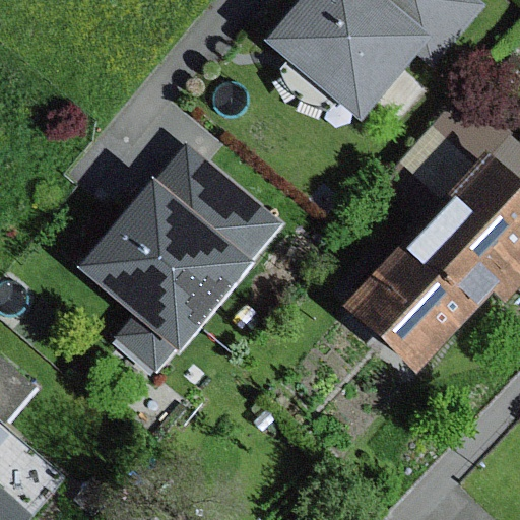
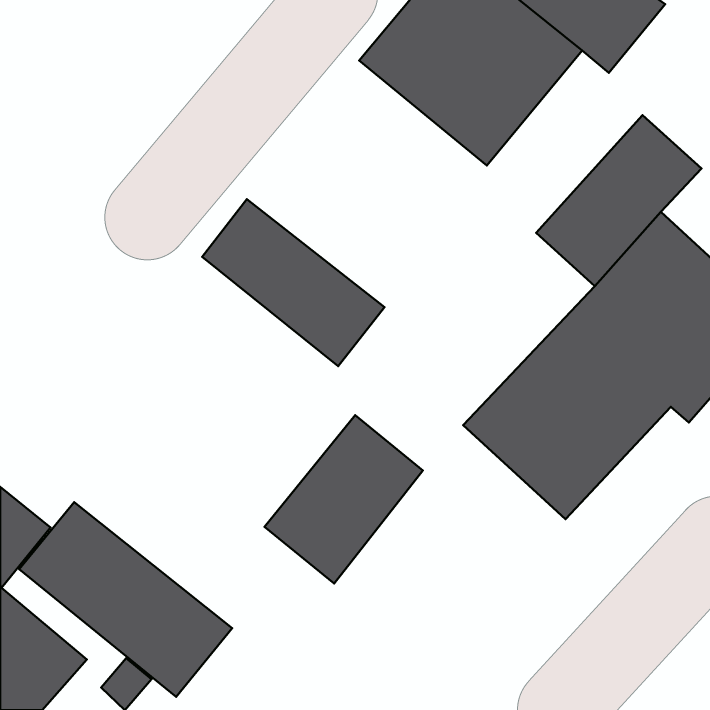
building: [81,186,250,352] -> none
building: none -> [264,415,423,583]
building: none -> [19,502,232,697]

